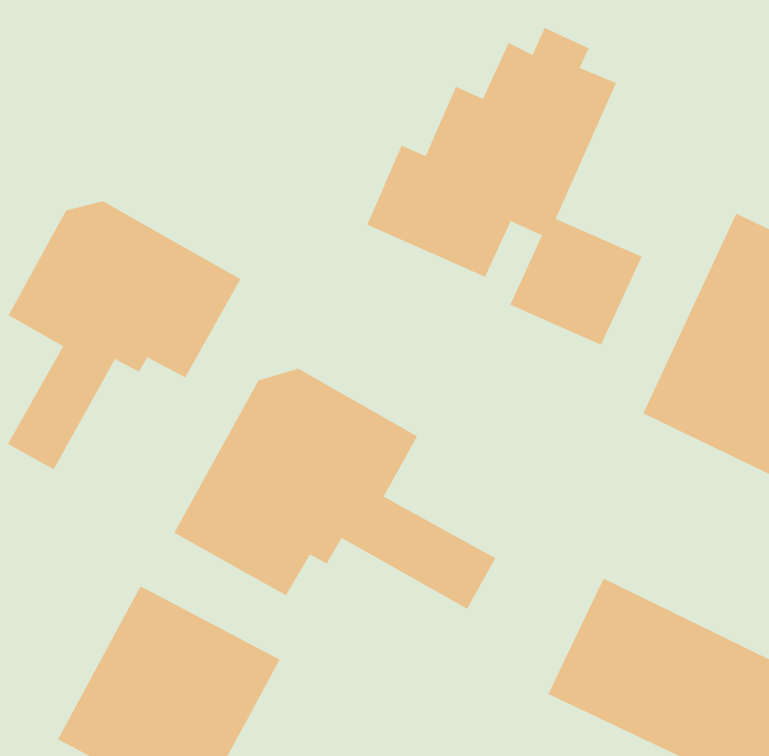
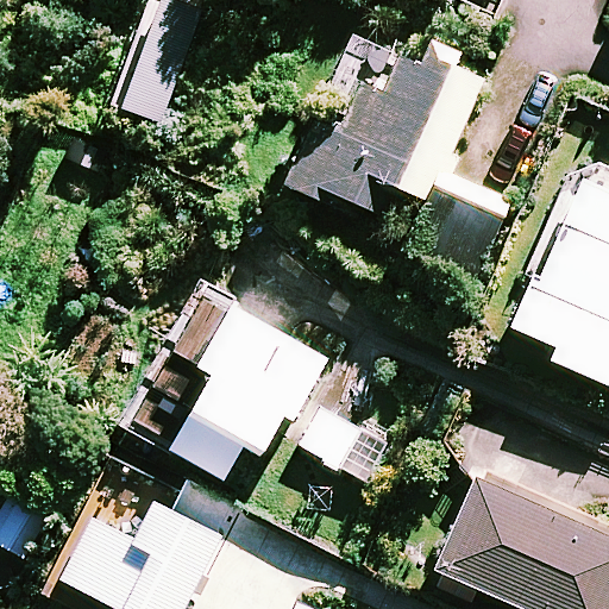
building: [7,201,241,470] -> none

